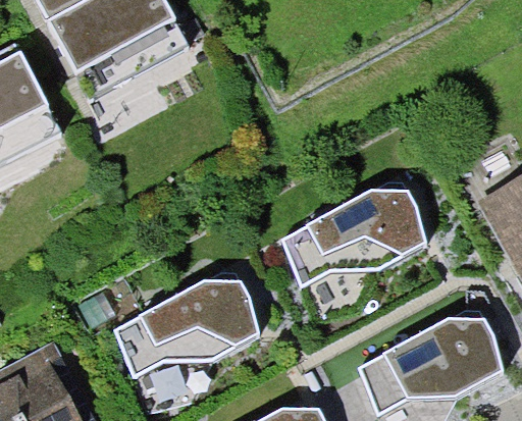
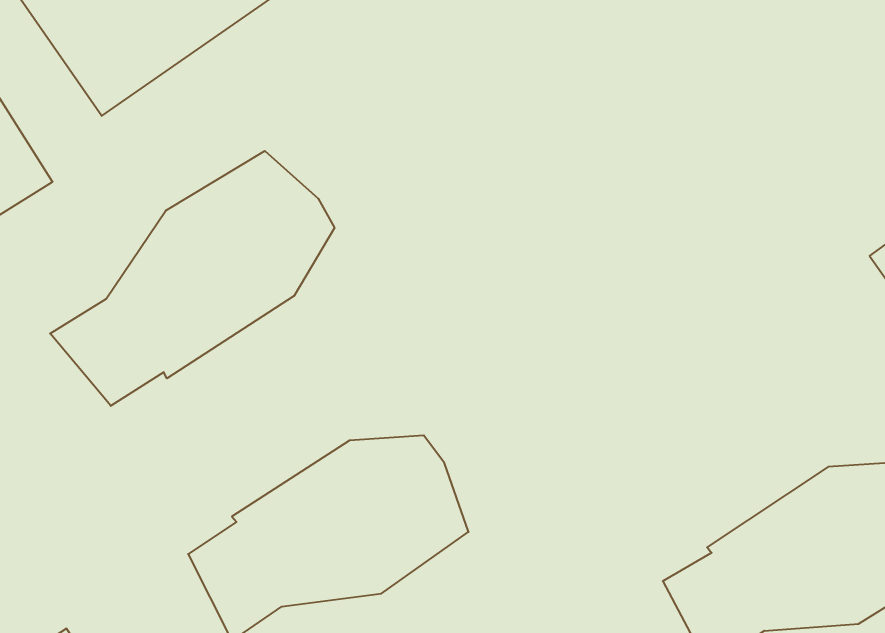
building: none -> [50,151,334,406]
building: [281,188,426,285] -> none

